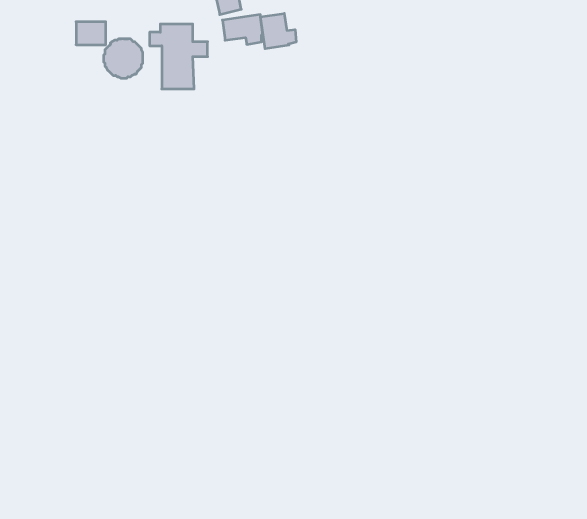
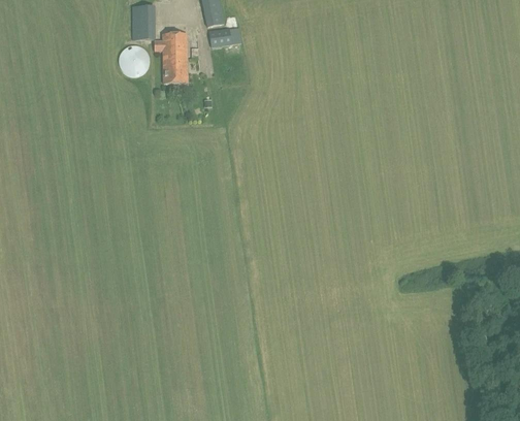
building: [261,13,296,49] -> none
building: [76,22,106,45] -> [131,21,154,38]

